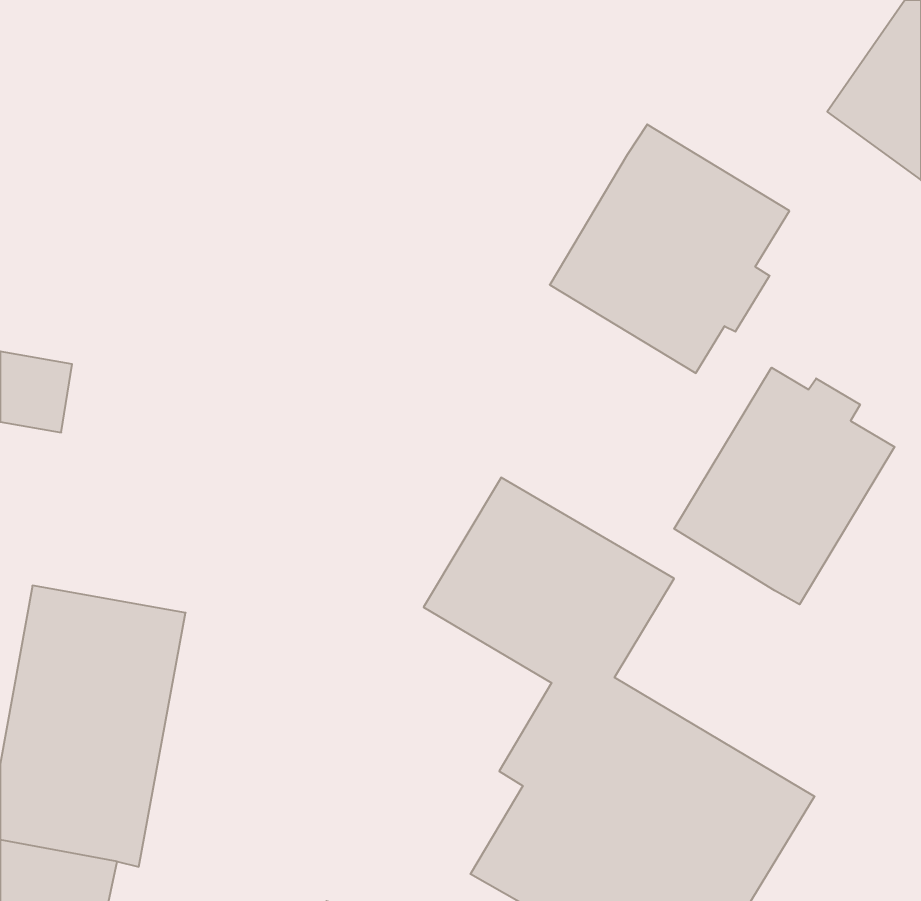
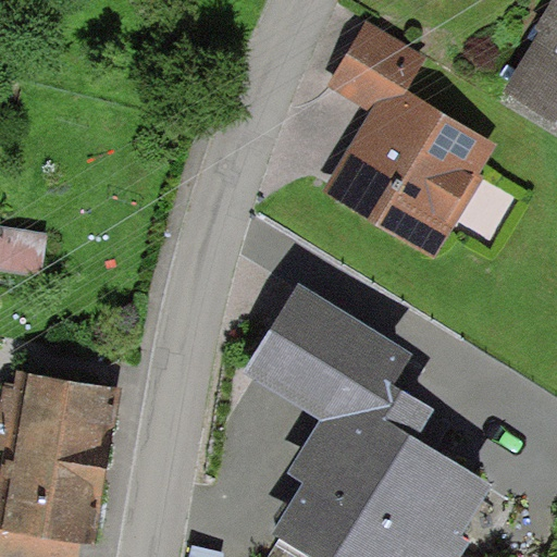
building: none -> [323,17,412,106]
building: [674,368,895,604] -> none

